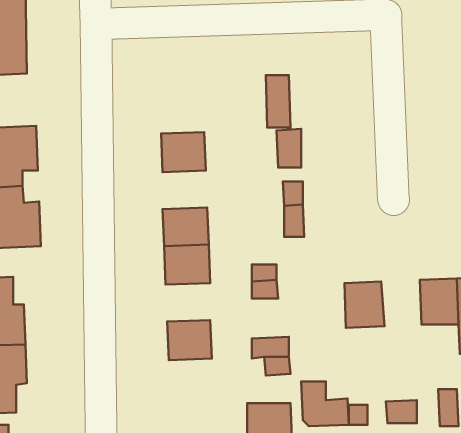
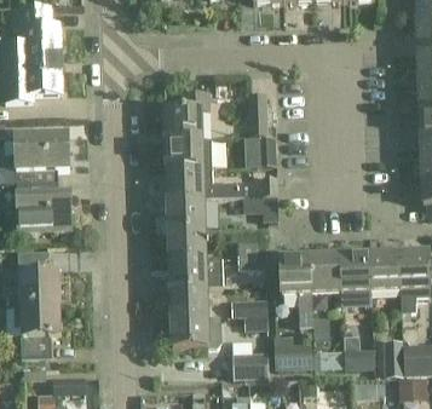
building: none -> [165,93,205,139]
building: none -> [167,168,243,198]
building: none -> [339,254,370,290]
building: none -> [169,255,221,287]
building: none -> [280,257,312,327]
building: none -> [172,316,220,347]

